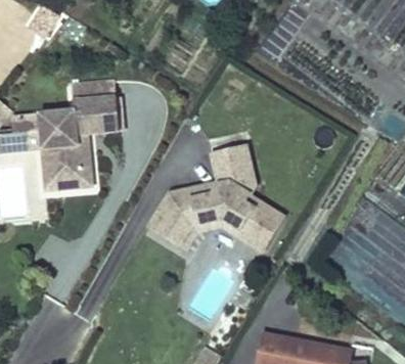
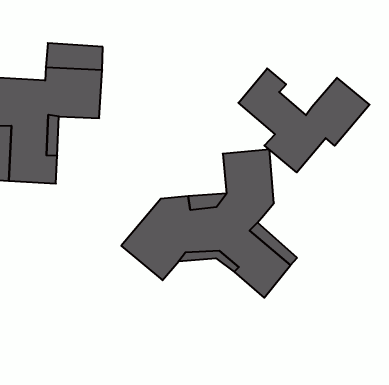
building: none -> [238,68,370,172]

